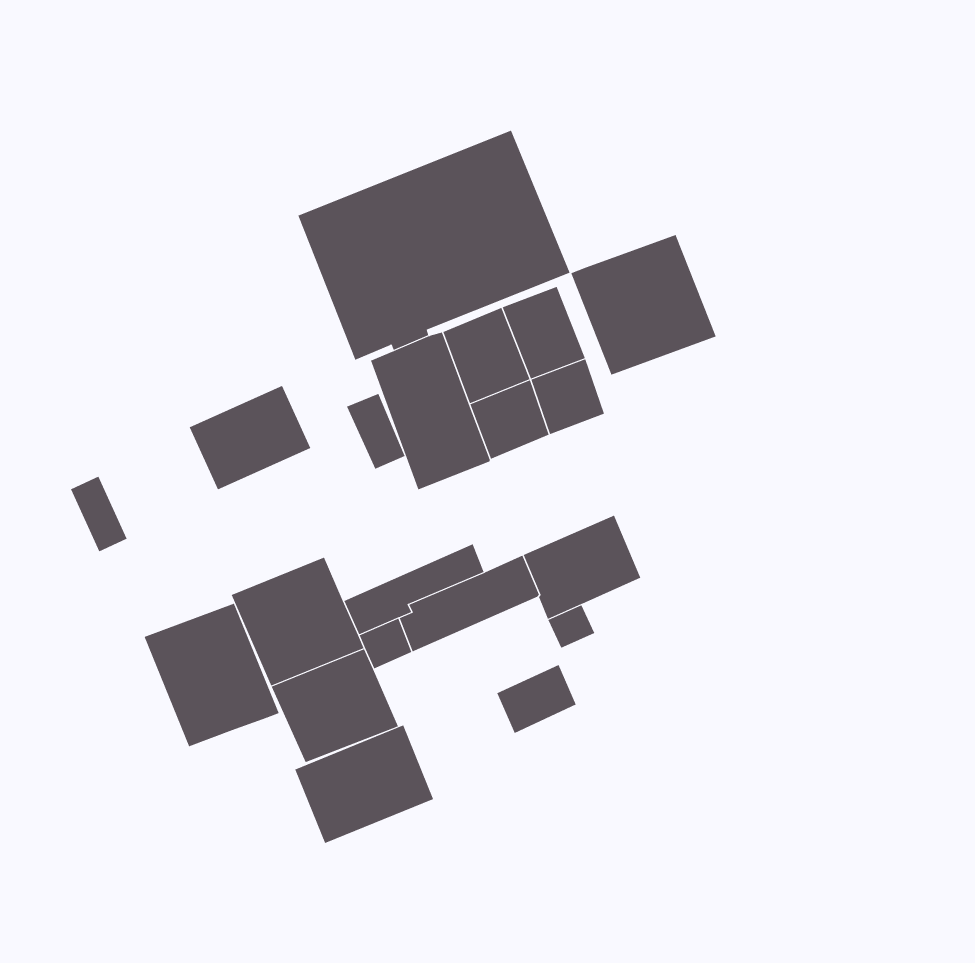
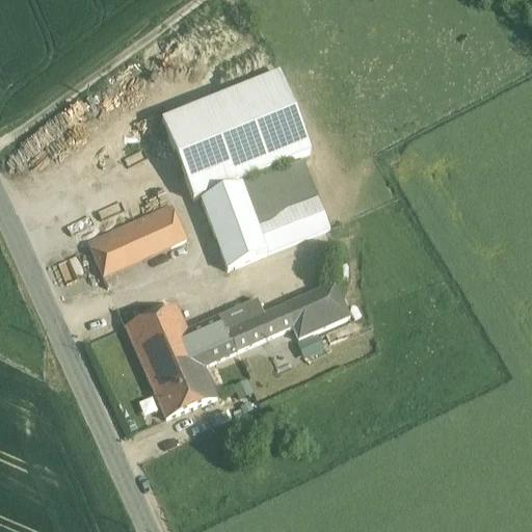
building: [570,234,716,376] -> none
building: [346,393,405,470] -> [154,203,186,244]
building: [70,476,127,552] -> [87,233,118,274]
building: [144,603,279,747] -> none
building: [496,664,577,734] -> none
building: [295,725,434,844] -> none

